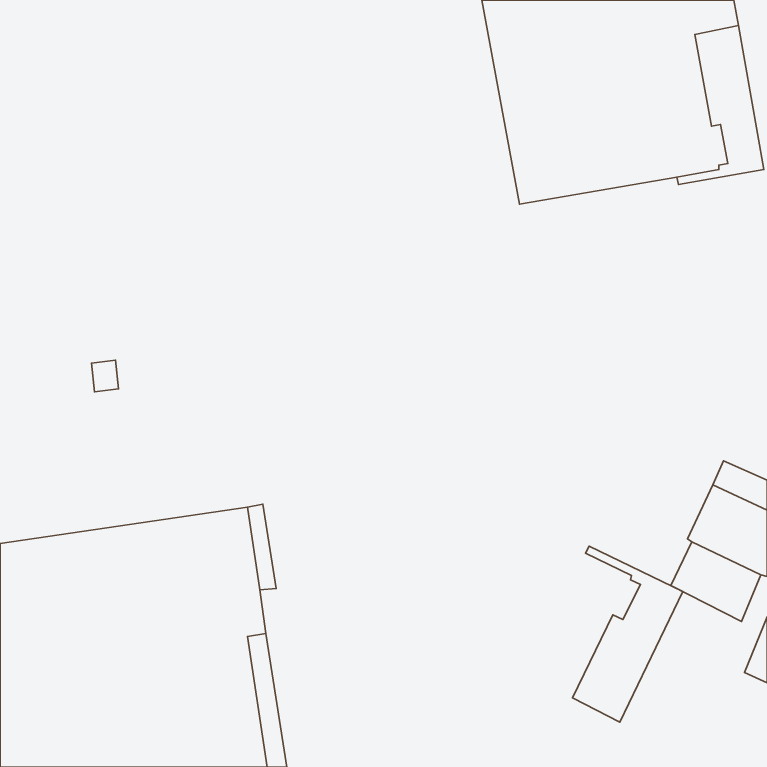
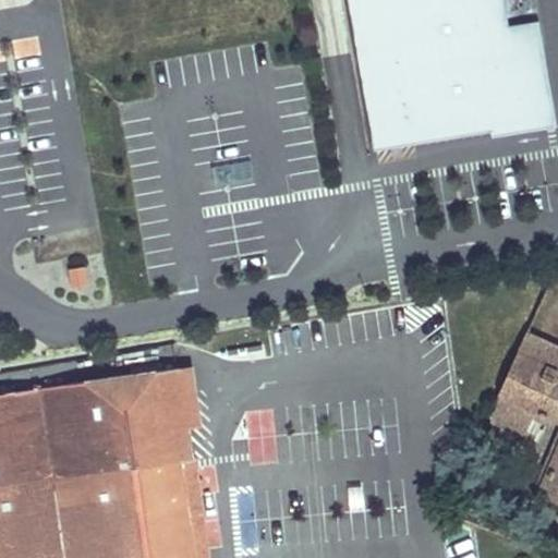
building: [572,546,683,722] -> none

